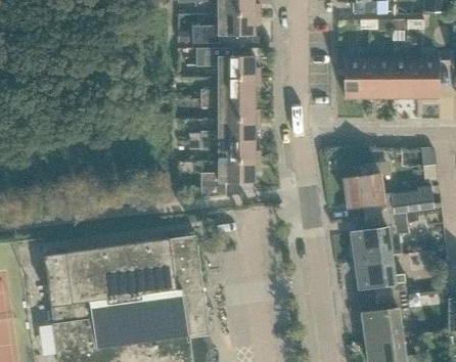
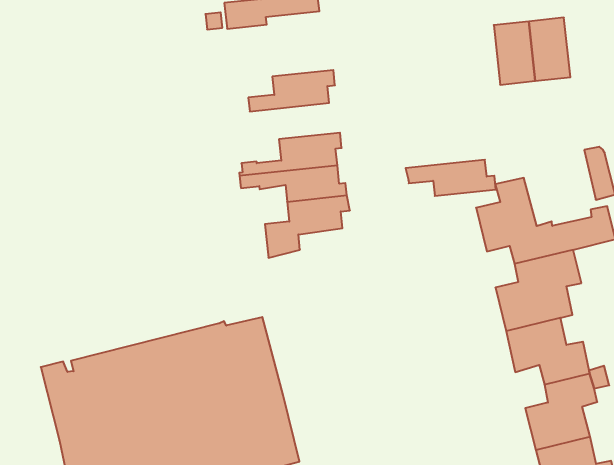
building: [202,55,260,77] -> none
building: [345,58,369,98] -> none
building: [416,58,440,98] -> none
building: [201,98,260,119] -> [406,160,496,196]

